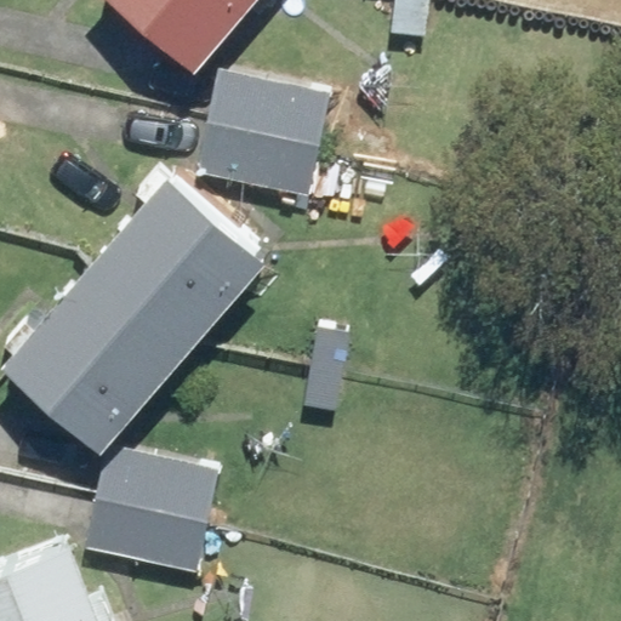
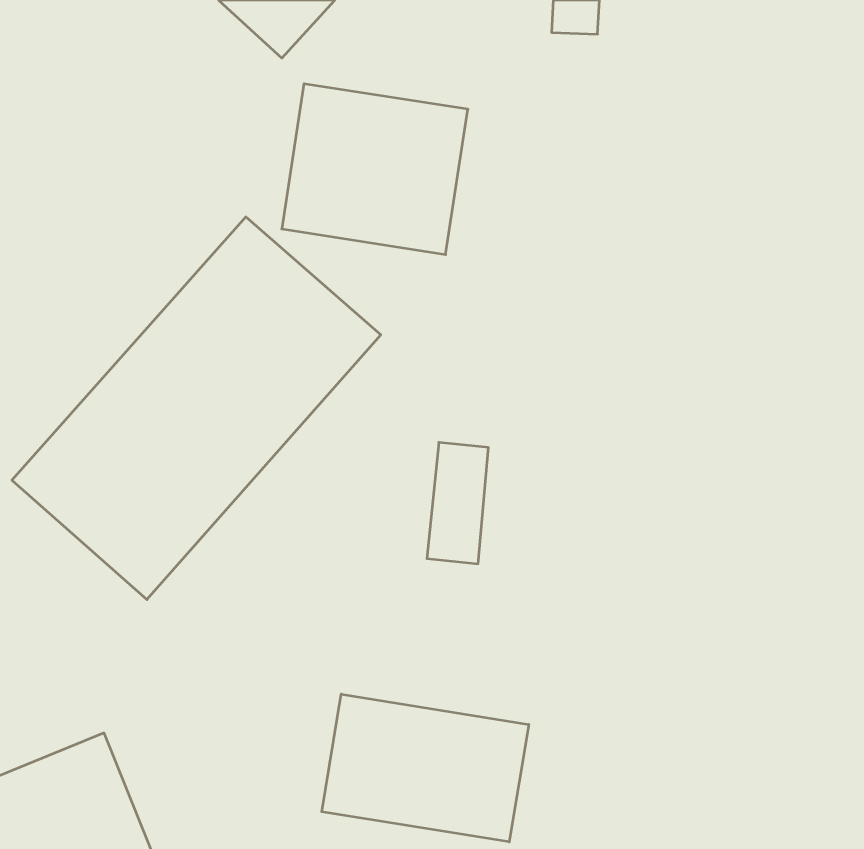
building: [84,450,212,572] -> none
building: none -> [322,694,529,842]

